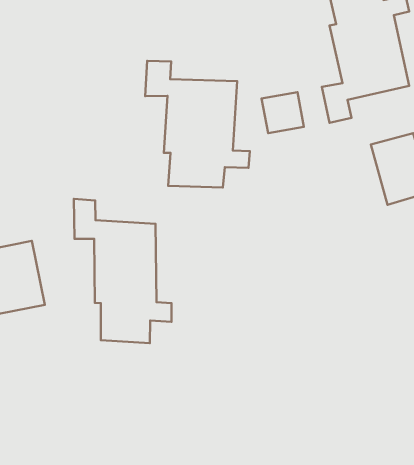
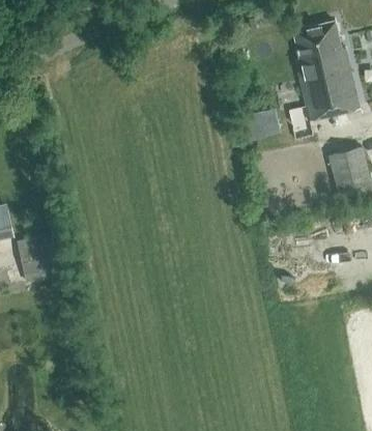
building: [145,61,250,187] -> none
building: [74,199,171,343] -> none

